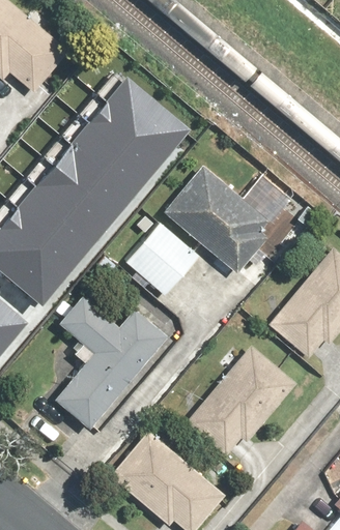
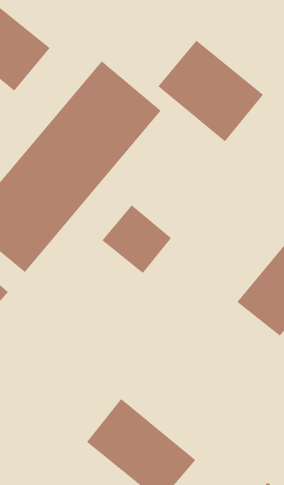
building: [164,165,278,274] -> [158,40,264,142]
building: [51,300,171,435] -> none
building: [188,347,301,464] -> none

